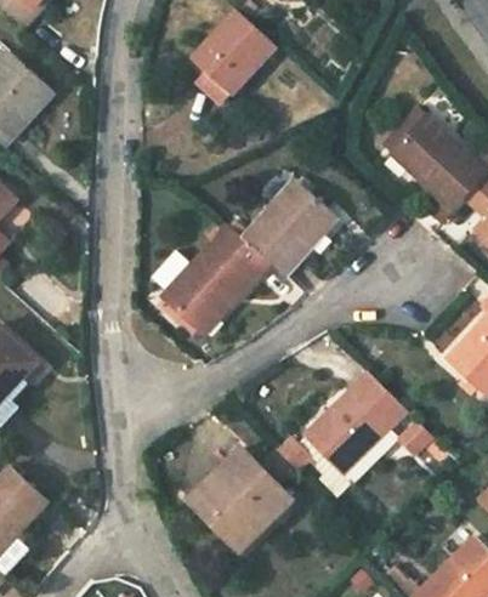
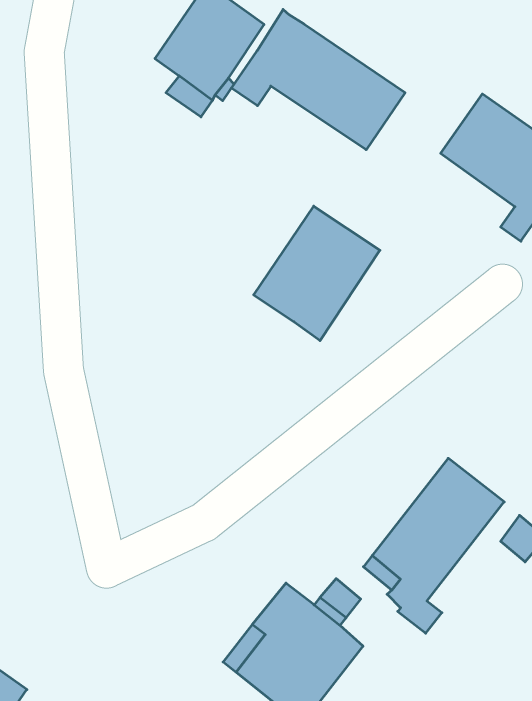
building: none -> [231,9,405,150]
building: [161,223,269,336] -> none

